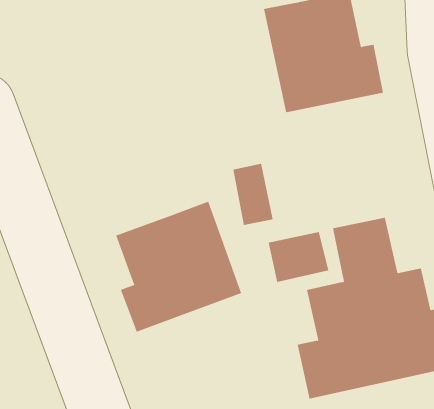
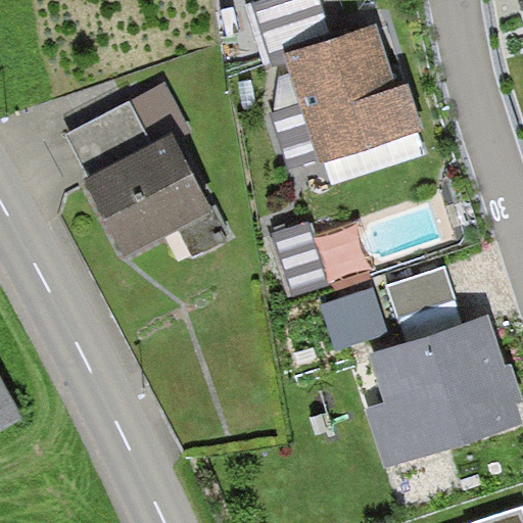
building: none -> [64,77,213,256]
building: [116,201,242,332] -> none

